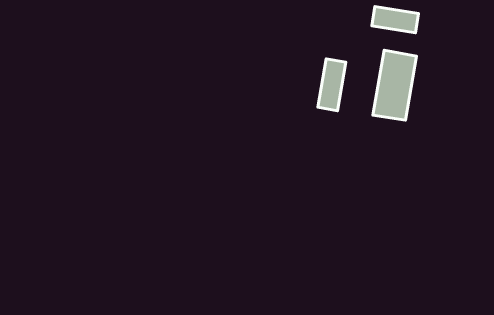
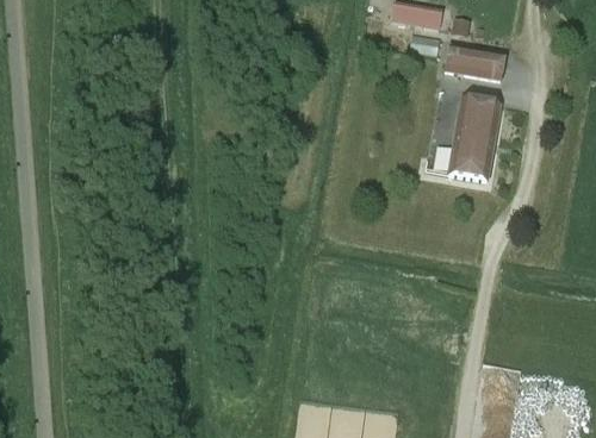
building: [318,59,346,111] -> none

